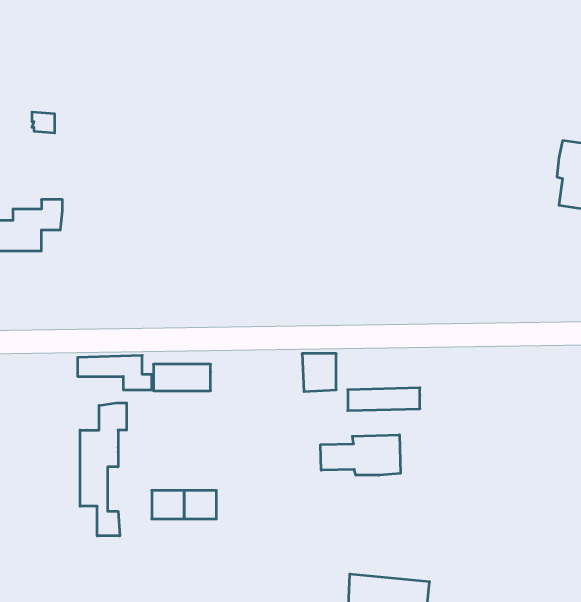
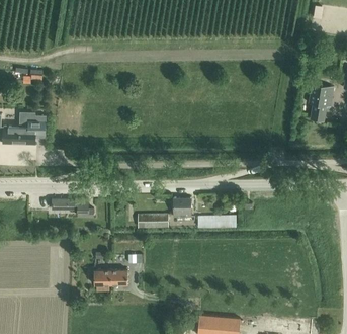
building: [153,364,211,391] -> [138,213,168,227]
building: [80,403,127,536] -> none
building: [321,435,400,475] -> none

